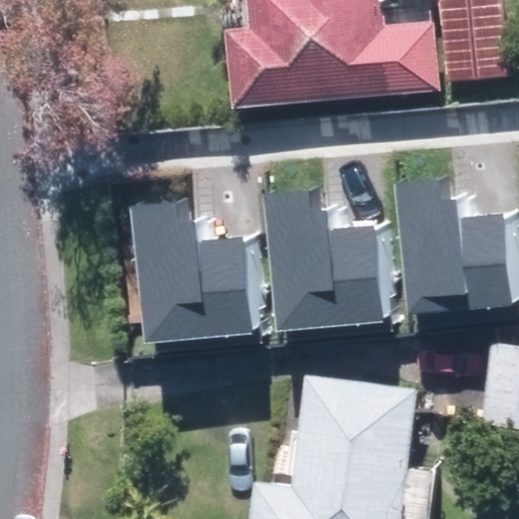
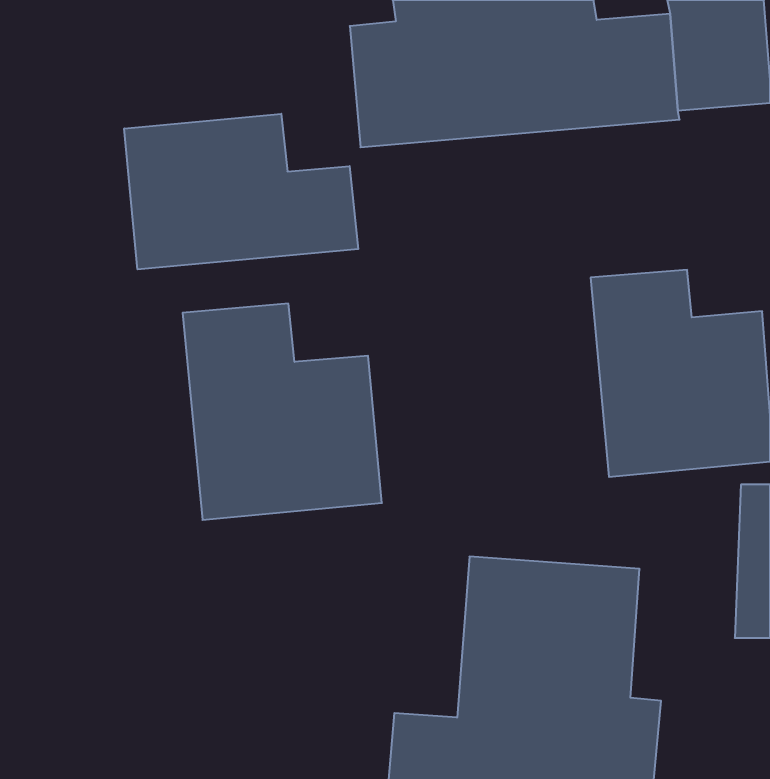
building: none -> [124,114,358,269]
building: [257,195,383,333] -> none

